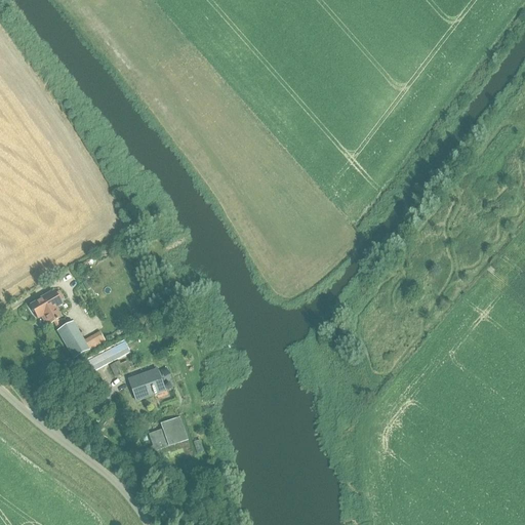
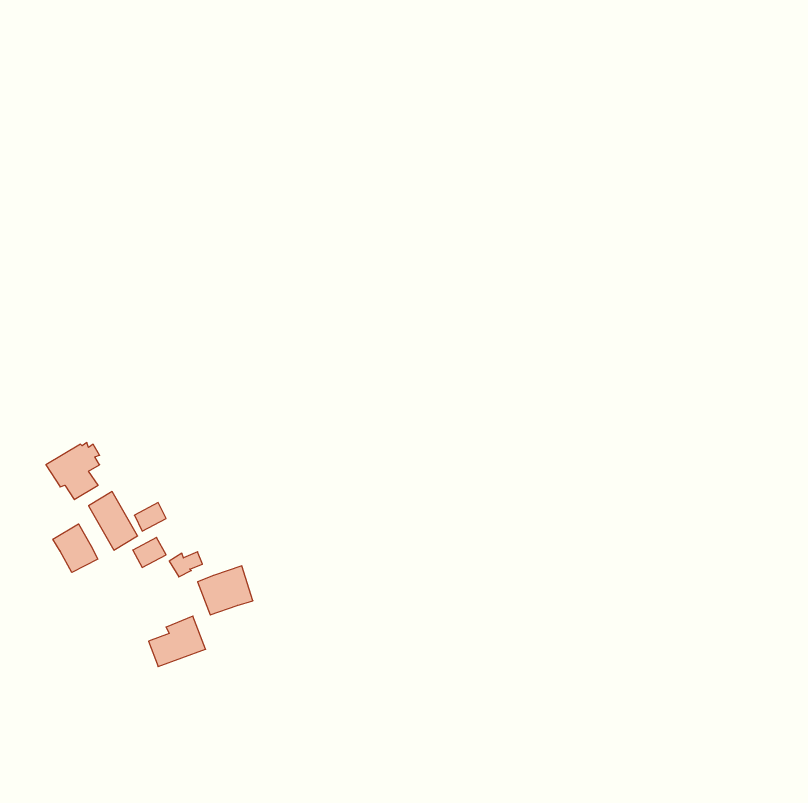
building: none -> [53,524,98,572]
building: [149,416,186,449] -> [149,616,206,667]

